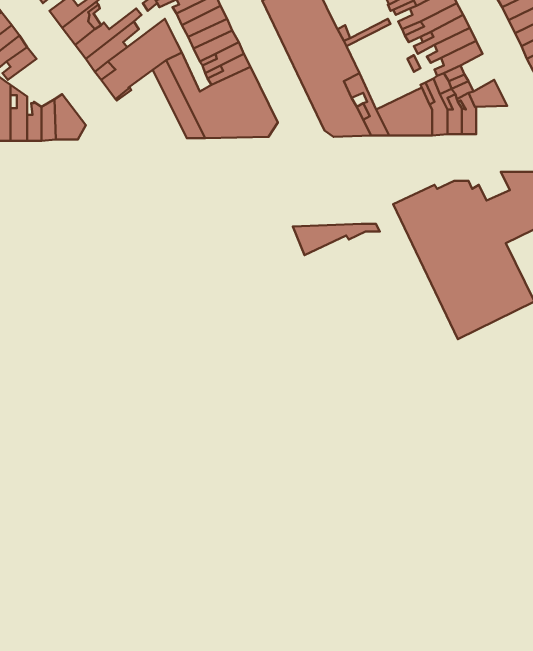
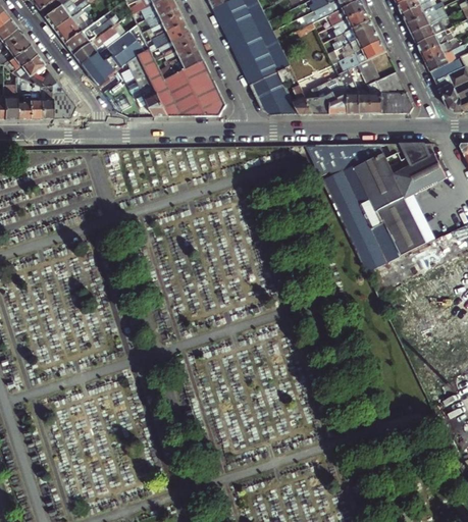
building: none -> [11,53,56,91]
building: none -> [381,92,413,112]
building: [293,224,380,255] -> [307,143,375,167]

